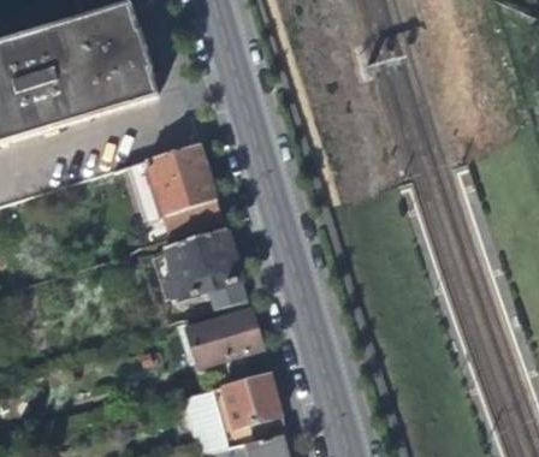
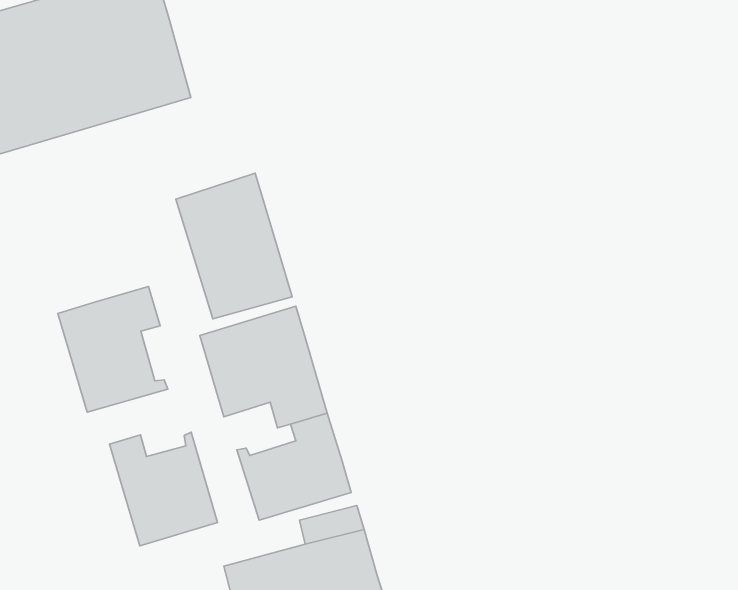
building: none -> [58,286,168,412]
building: none -> [110,432,217,546]

